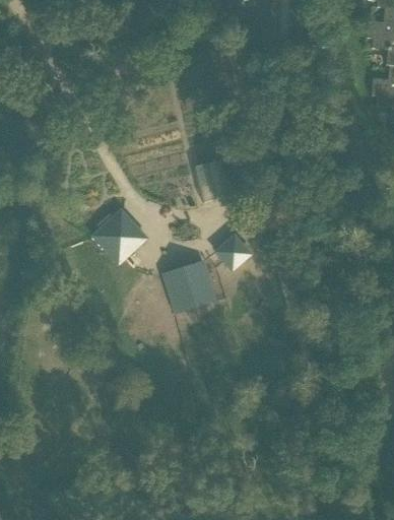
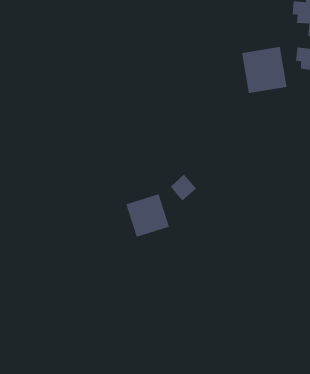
building: none -> [242,46,287,94]
building: [92,208,144,261] -> none

